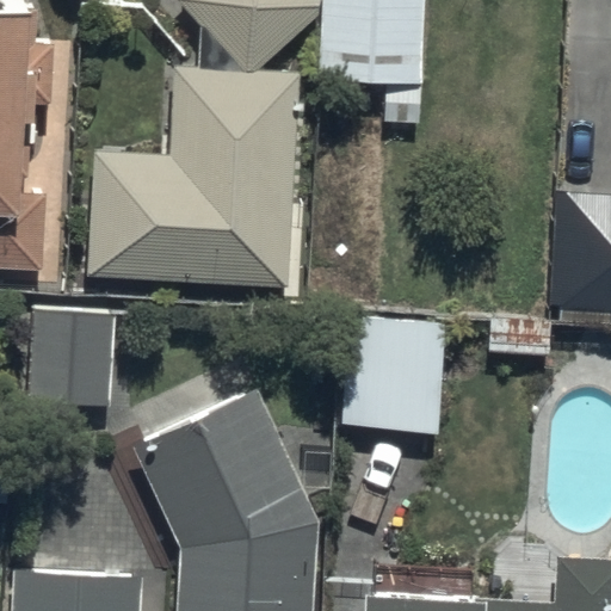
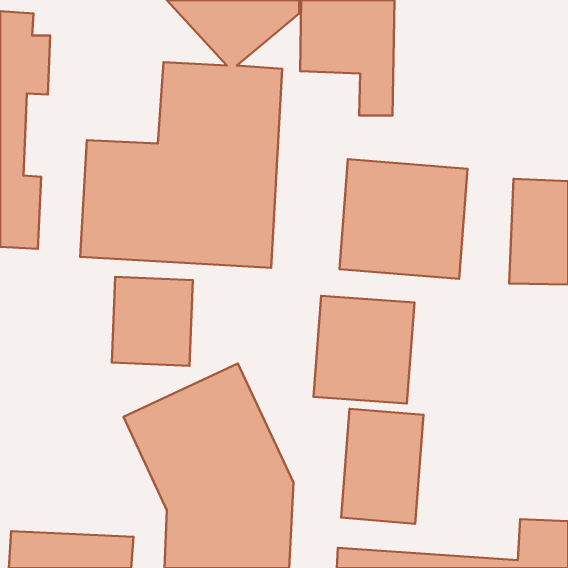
building: none -> [339,159,467,279]
building: [27,310,115,406] -> [112,277,193,366]
building: none -> [341,409,423,524]

